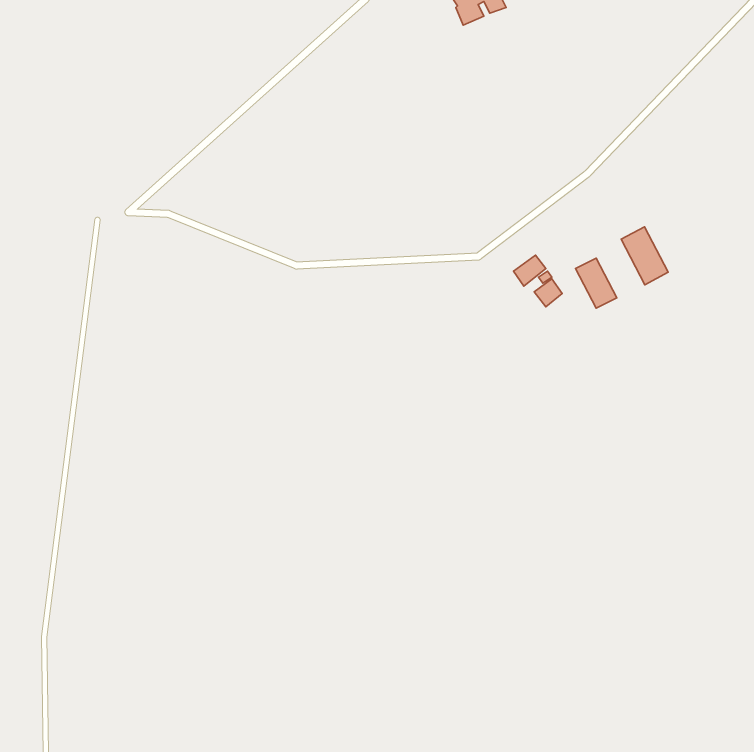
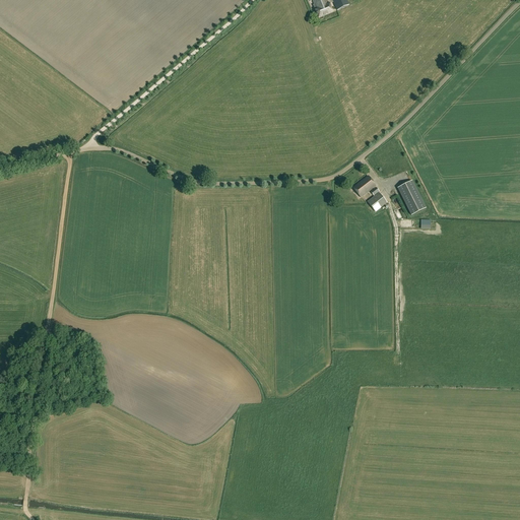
building: [621,227,668,285] -> none

